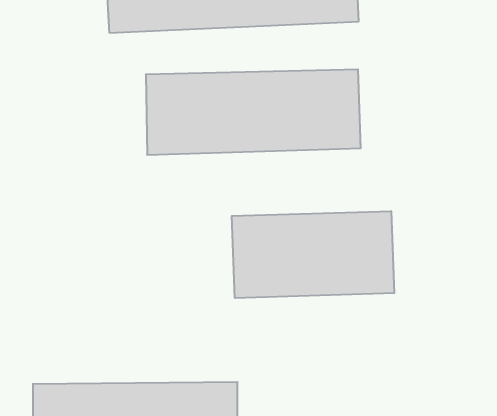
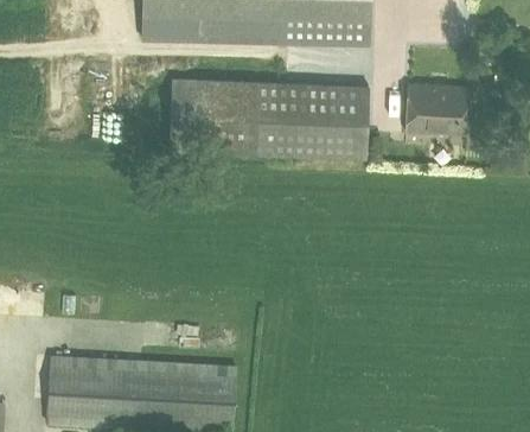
building: none -> [404,84,470,135]
building: [232,211,394,298] -> none

